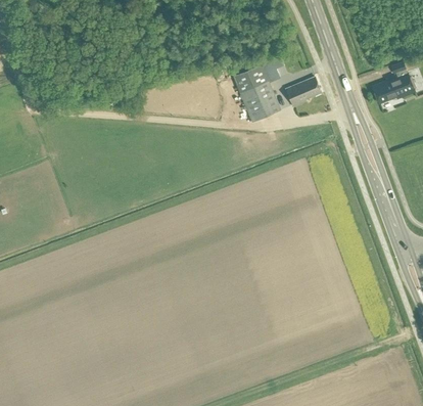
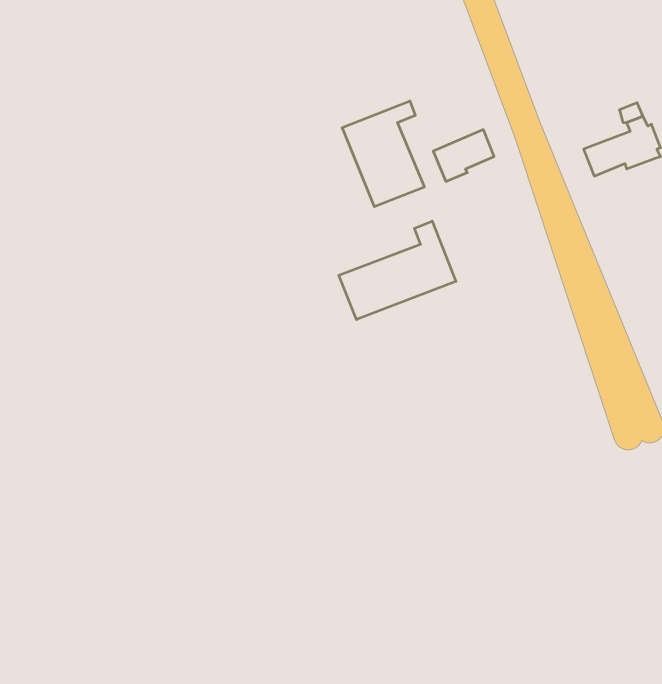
building: none -> [339,221,456,320]

